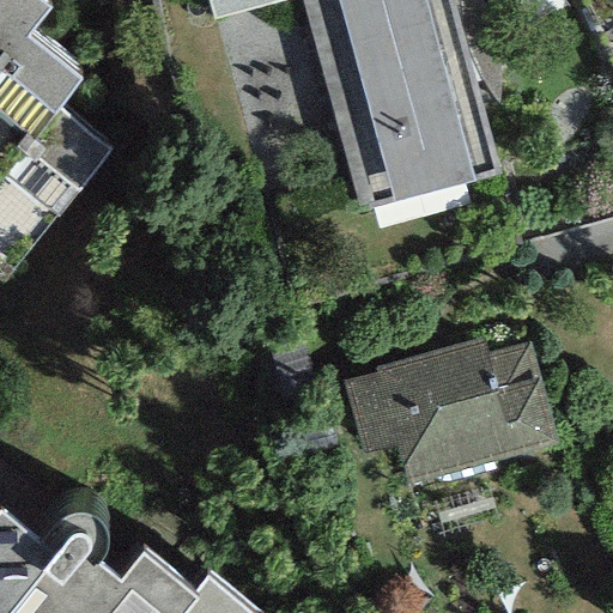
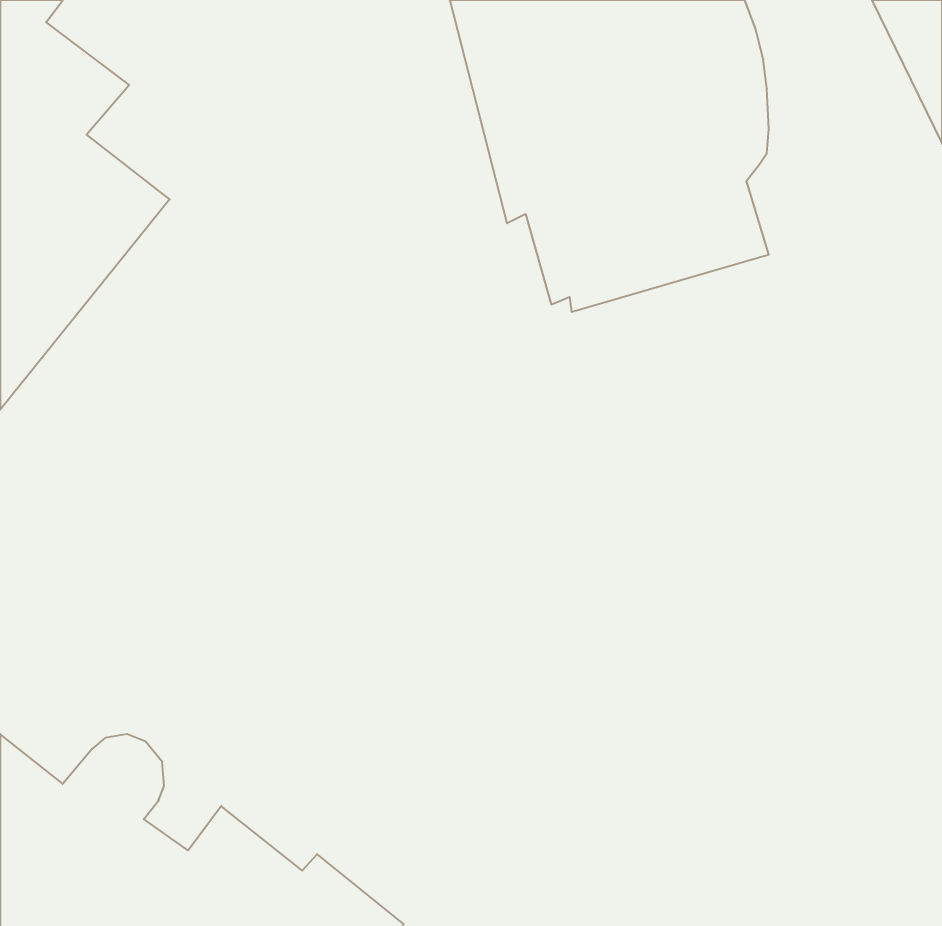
building: [342,338,557,485] -> none

